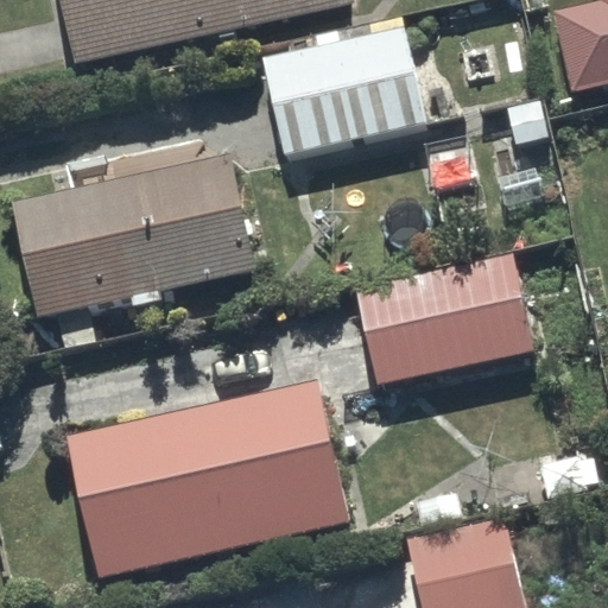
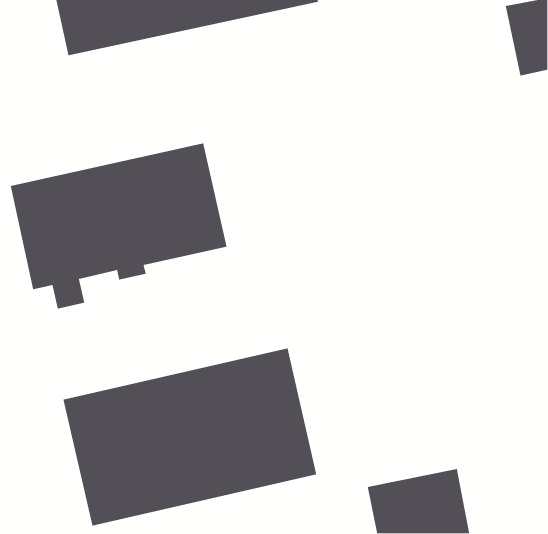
building: [264,11,425,152] -> none
building: [354,251,531,381] -> none

